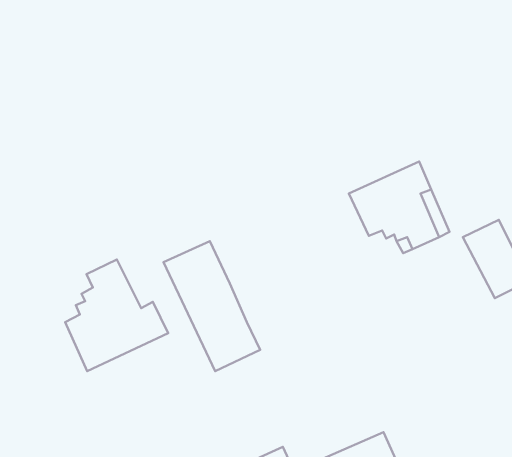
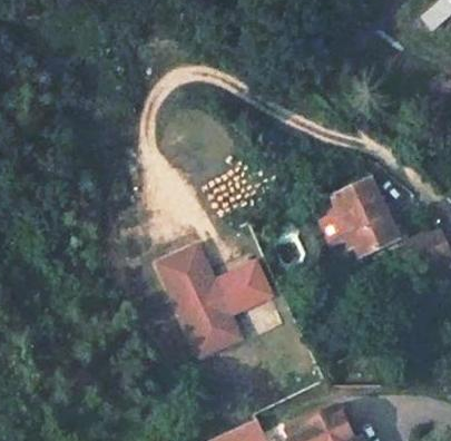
building: [65,260,168,371] -> none
building: none -> [213,264,268,315]

